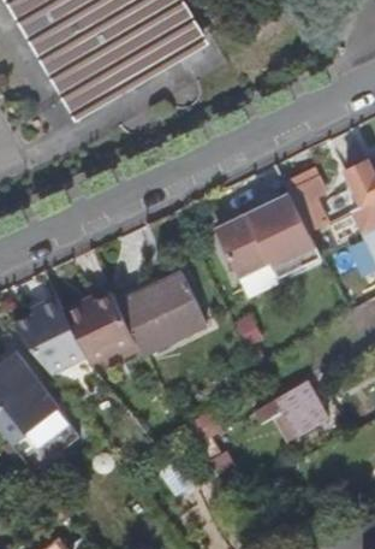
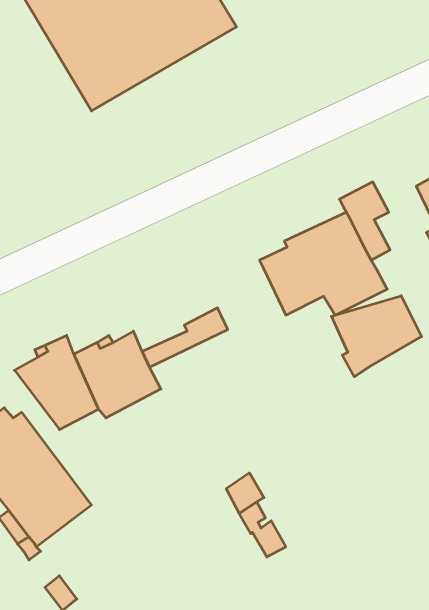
building: none -> [331,296,422,377]
building: [126,290,208,355] -> none
building: [258,379,327,438] -> none

